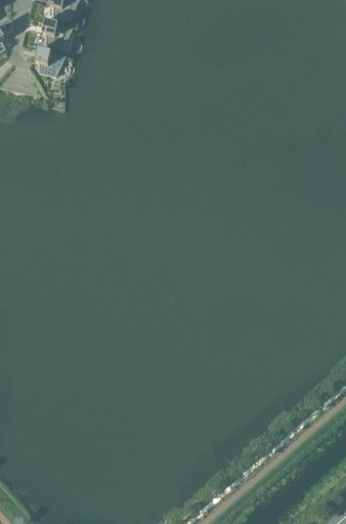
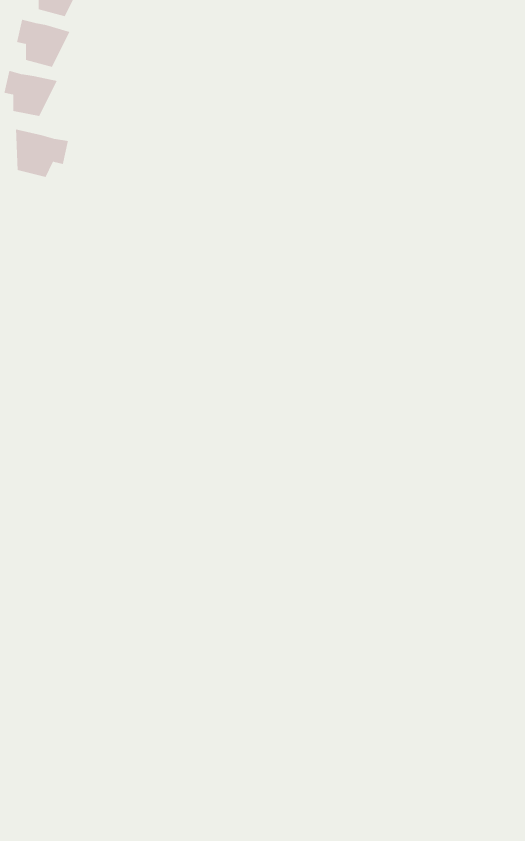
building: none -> [15,128,69,178]

